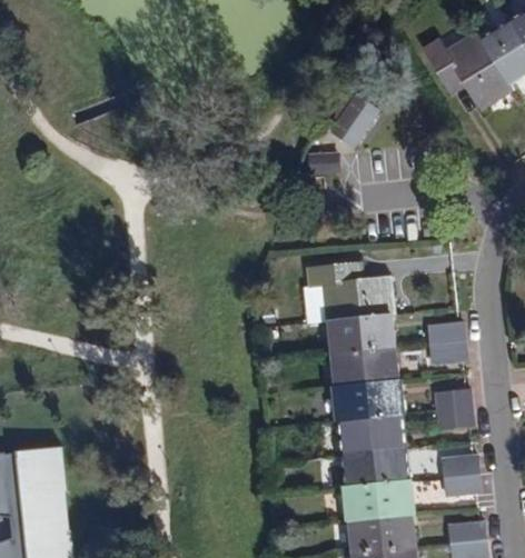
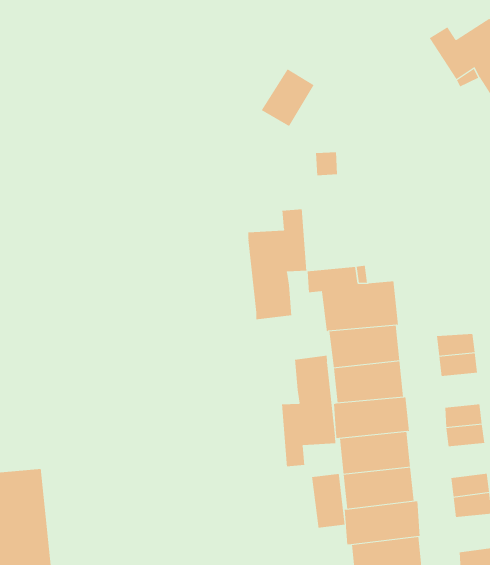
building: [327,97,377,151] -> [261,68,315,127]
building: none -> [248,208,307,320]
building: none -> [281,355,336,467]
building: none -> [312,473,345,528]

